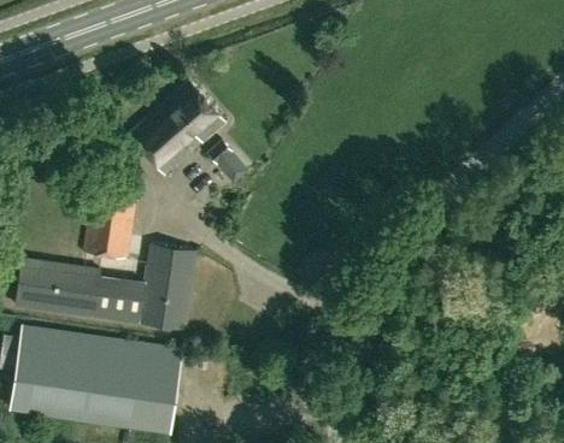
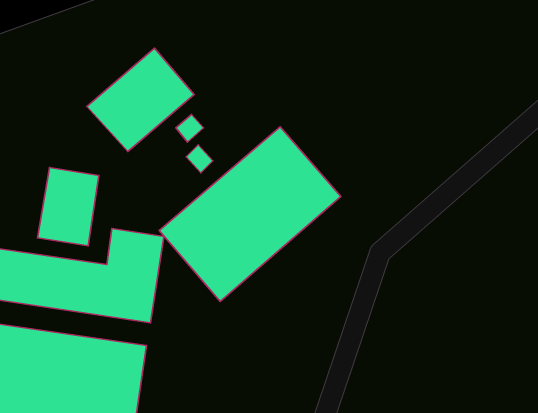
building: none -> [159,127,341,301]

